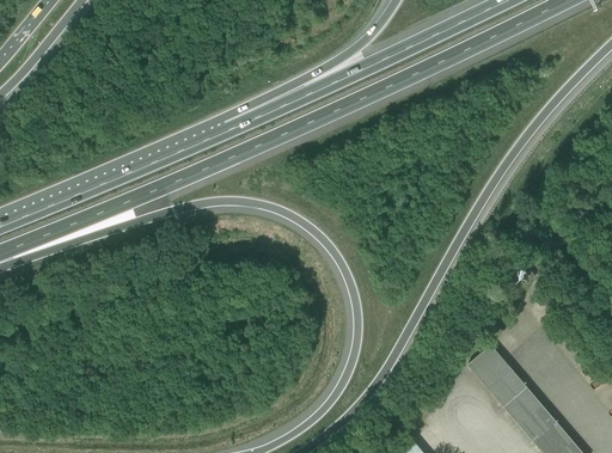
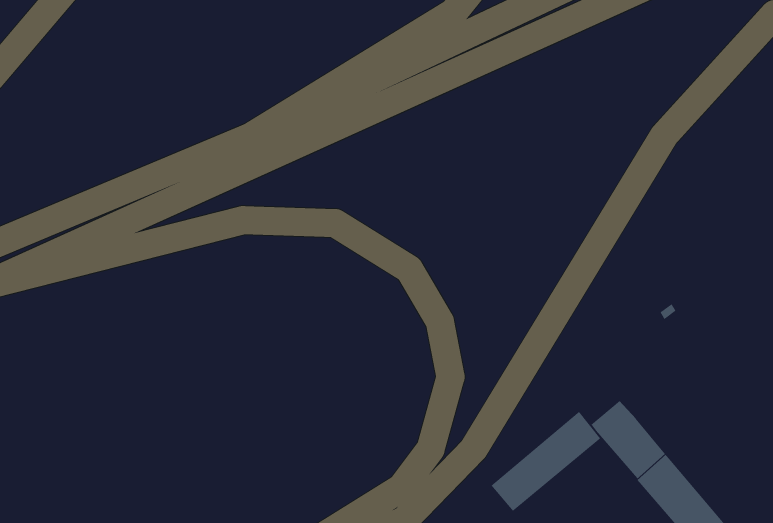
building: none -> [490,411,601,512]

